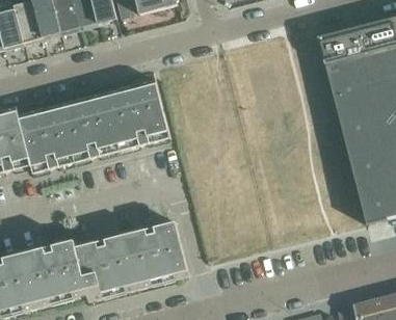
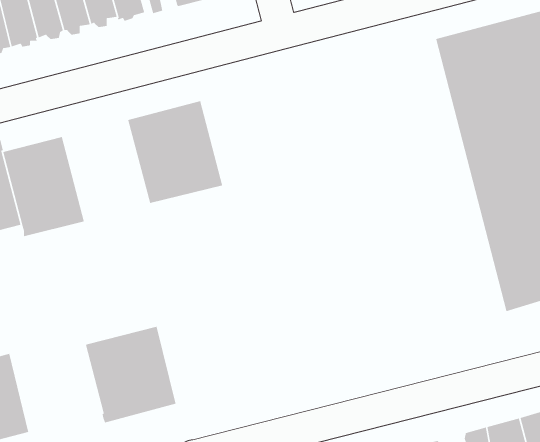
building: [59,91,120,162] -> none
building: [125,220,189,288] -> none
building: [23,240,87,308] -> none

